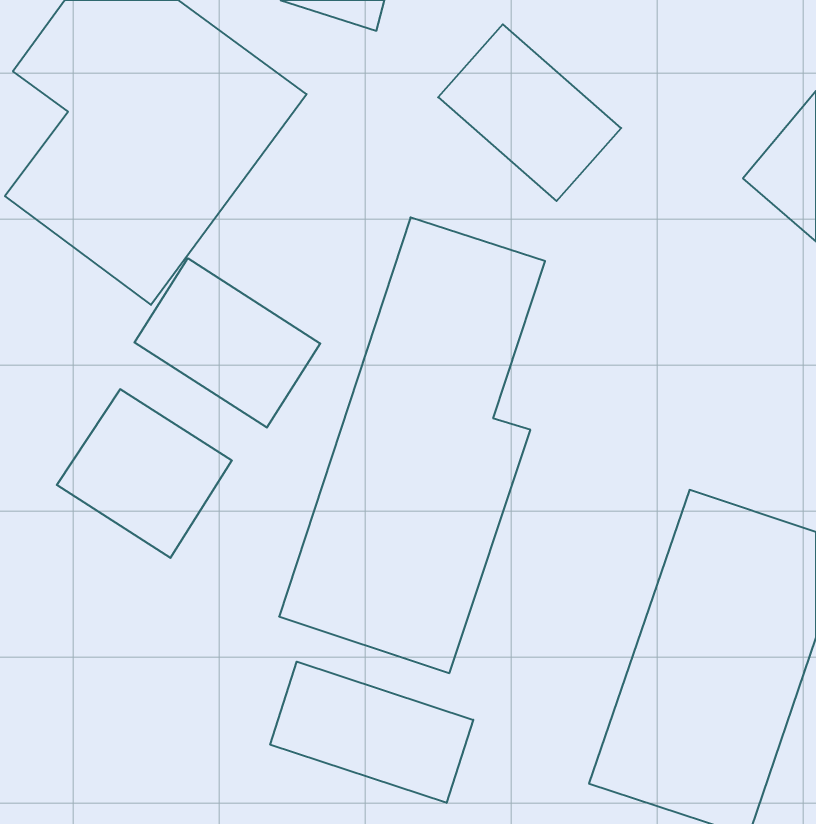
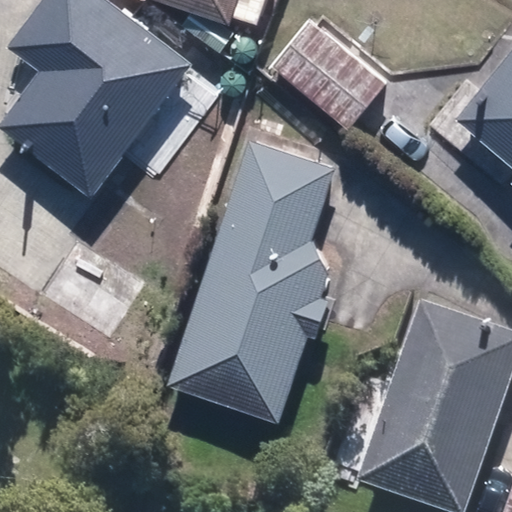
building: [134,258,320,428] -> none
building: [270,662,473,803] -> none

